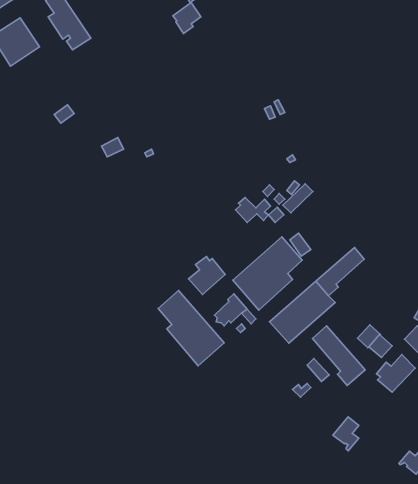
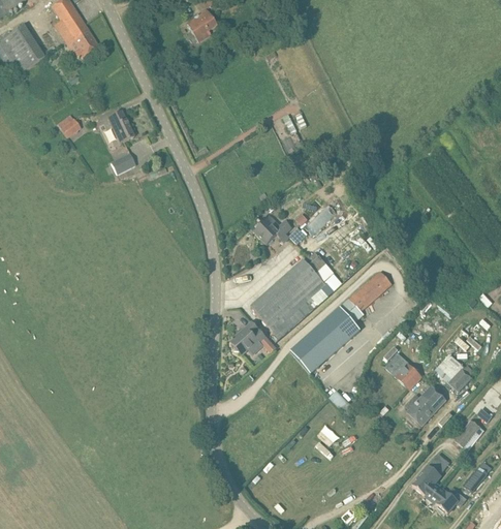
building: none -> [107,111,134,143]
building: [189,257,225,294] -> none
building: [158,291,224,366] -> none
building: [313,326,365,386] -> none
building: [333,417,359,451] -> [412,466,440,502]

